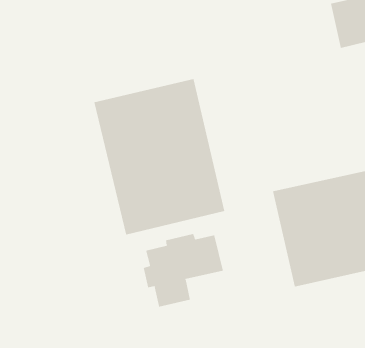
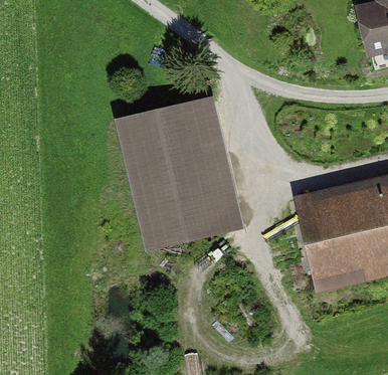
building: [143,233,223,308] -> none

